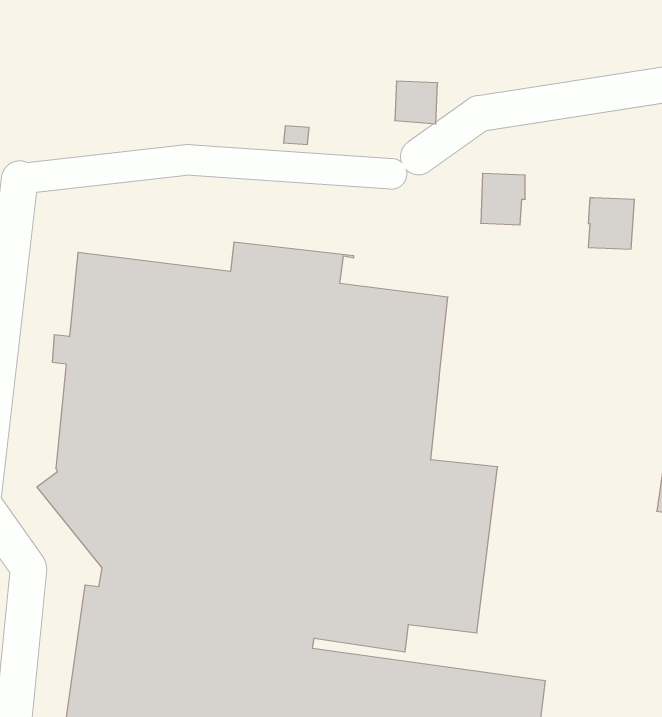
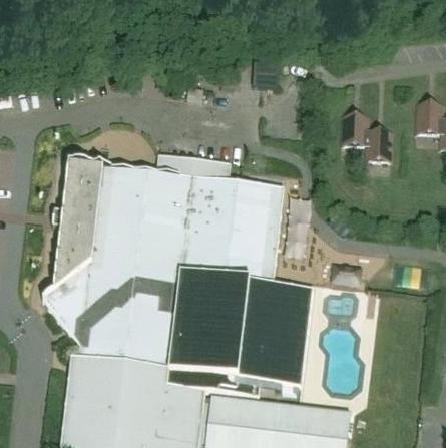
building: [481,173,525,225] -> [342,114,368,144]

